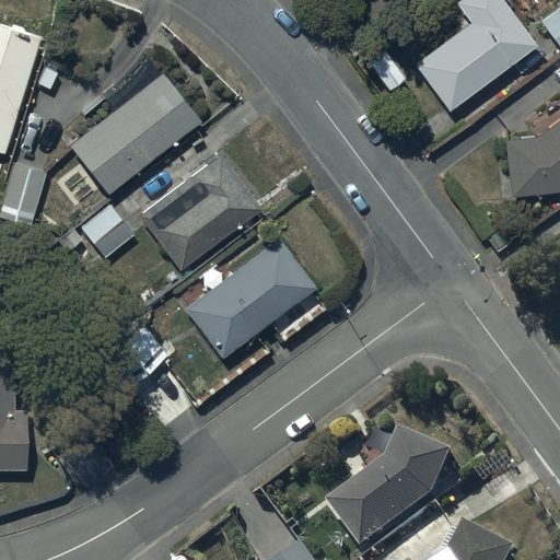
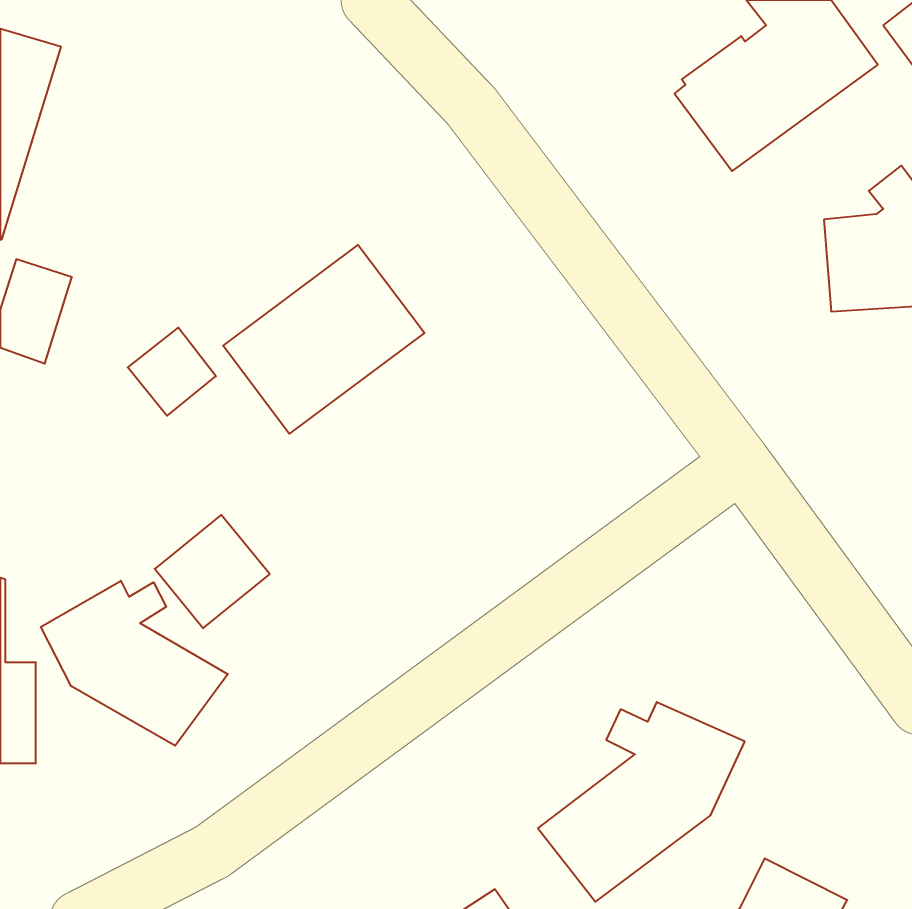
building: [65,60,201,198] -> none
building: [182,237,317,360] -> none
building: none -> [41,581,228,746]

